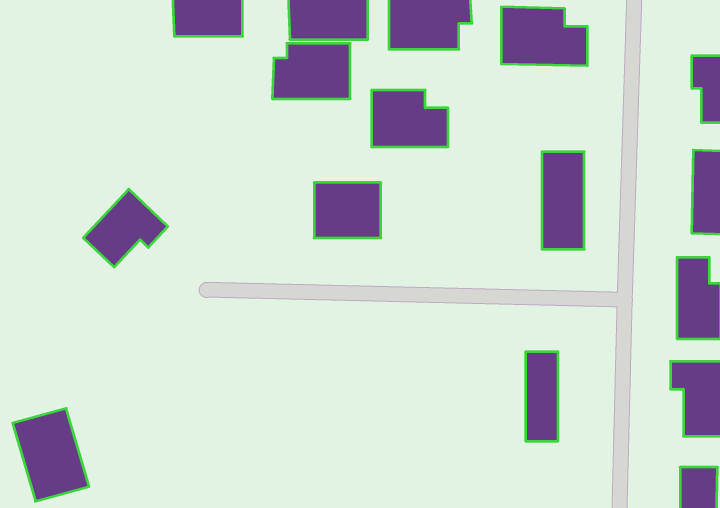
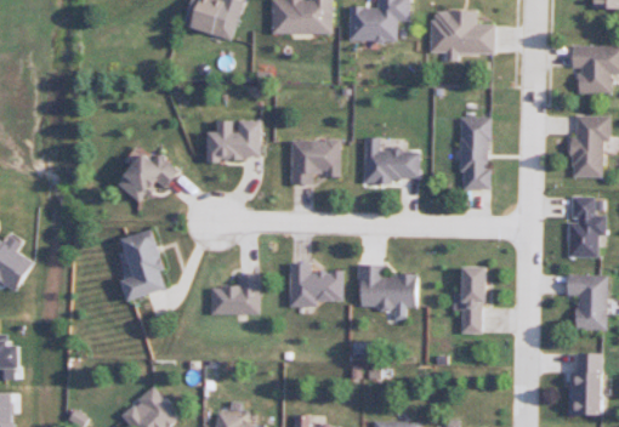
building: [272,43,350,99] -> [206,120,265,161]
building: [372,90,448,147] -> [365,138,422,181]
building: none -> [291,268,345,306]
building: none -> [360,271,414,308]
building: none -> [212,275,261,315]
building: [13,408,89,501] -> [117,230,174,300]

